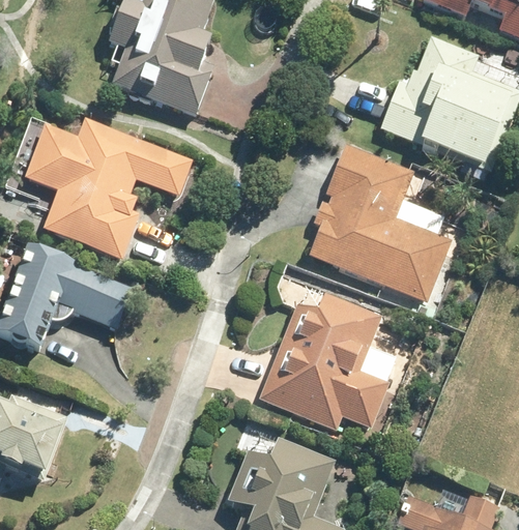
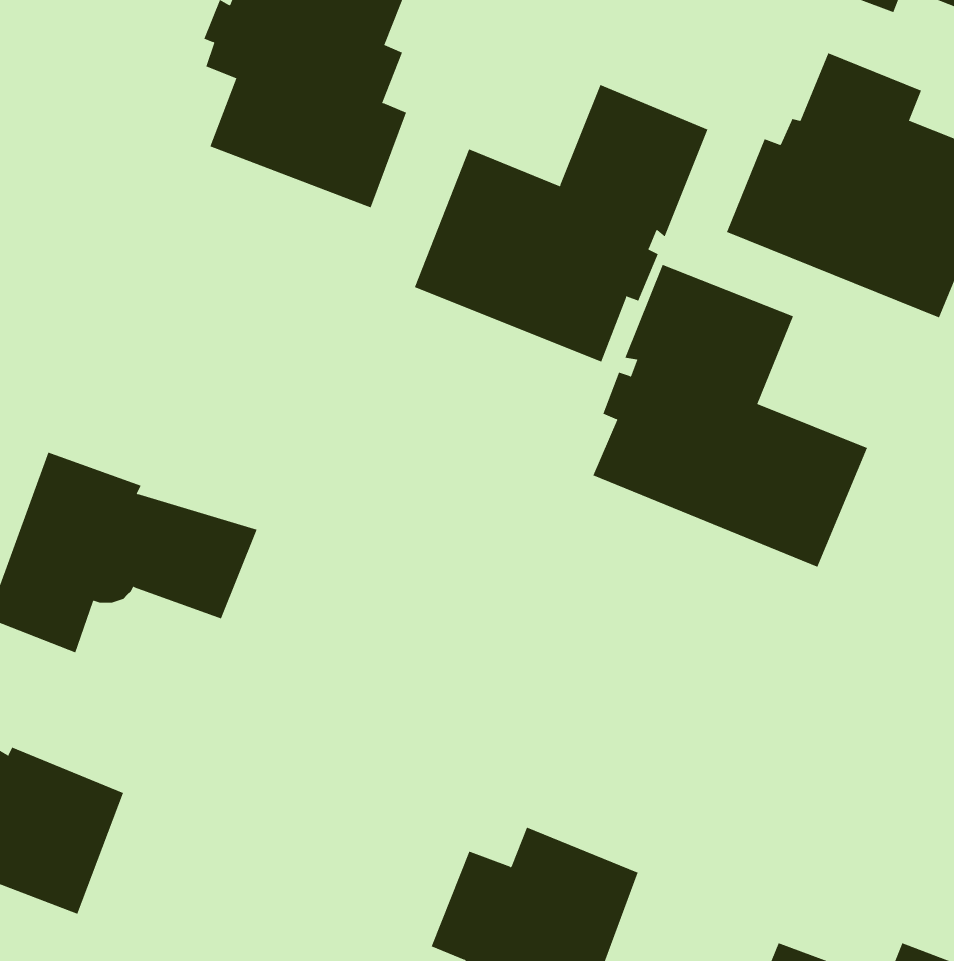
building: none -> [414,84,708,362]
building: [25,119,192,259] -> none
building: [259,292,390,431] -> none

